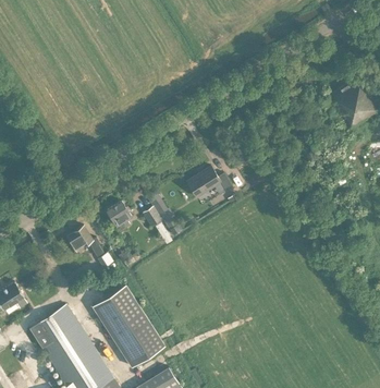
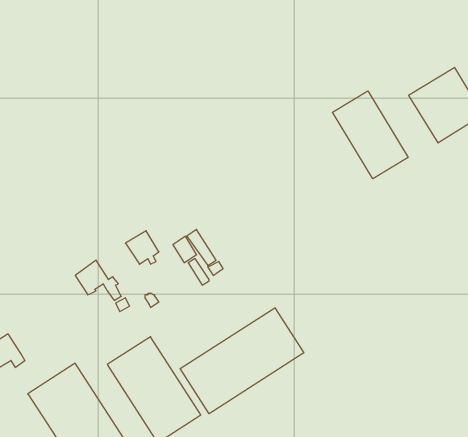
building: none -> [332,91,408,179]
building: [185,166,231,198] -> none
building: none -> [180,308,304,414]

